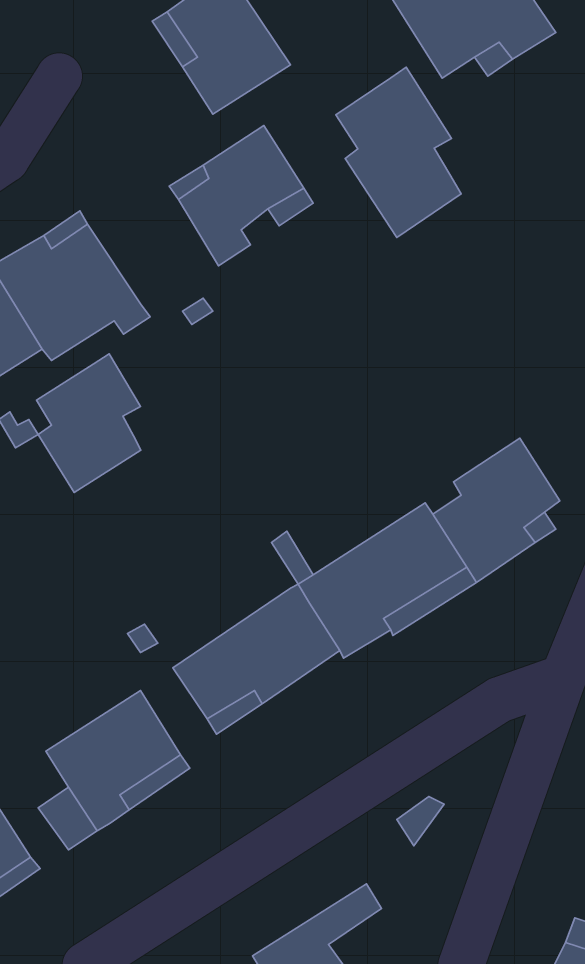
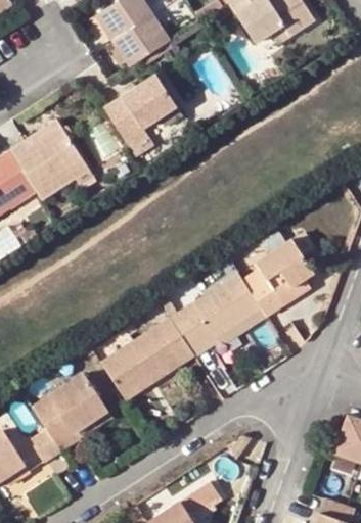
building: [336,67,461,238] -> none
building: [36,354,141,493] -> none

